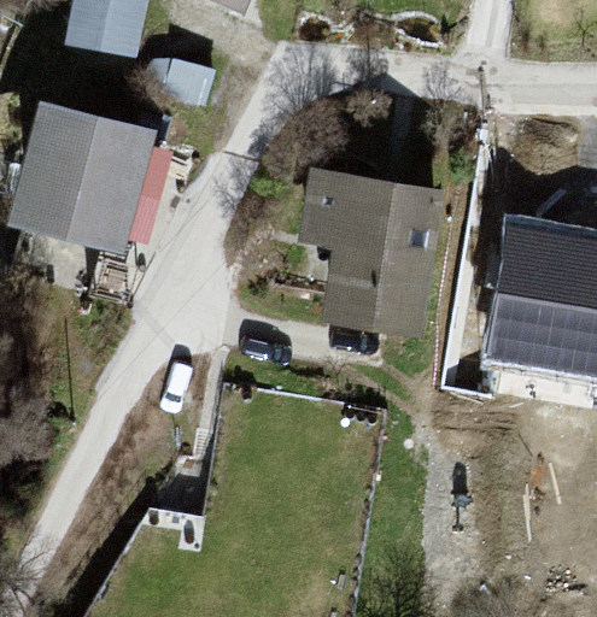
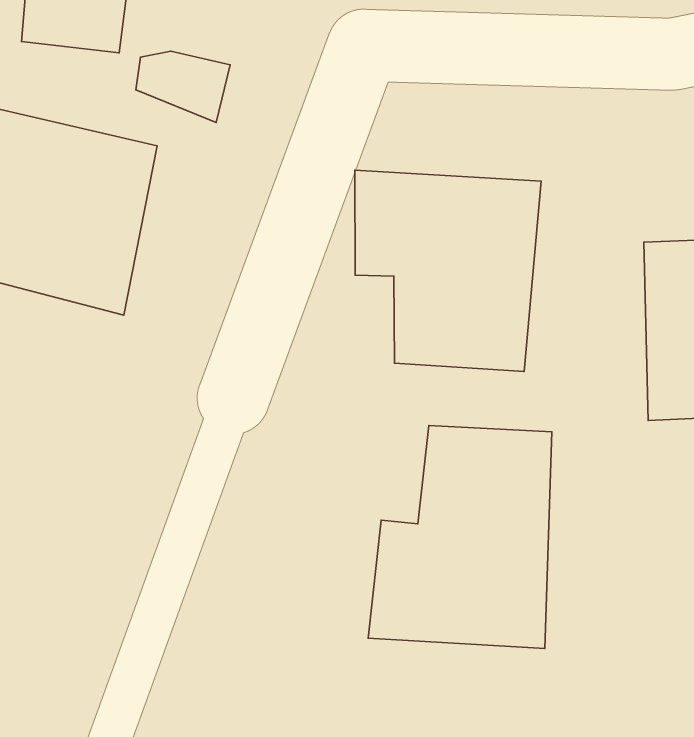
building: none -> [368,426,552,649]

